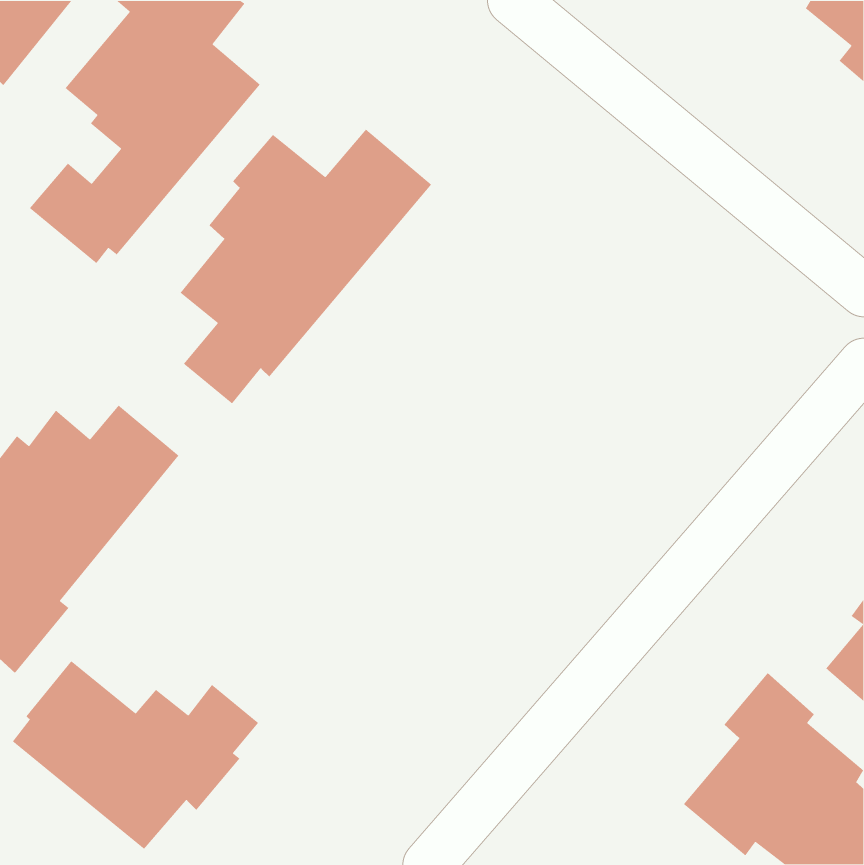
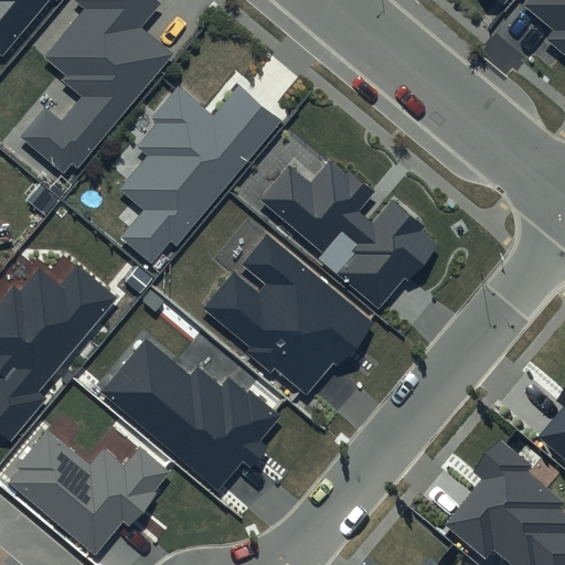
building: none -> [258,162,438,308]
building: none -> [202,233,373,394]
building: none -> [99,337,280,487]

